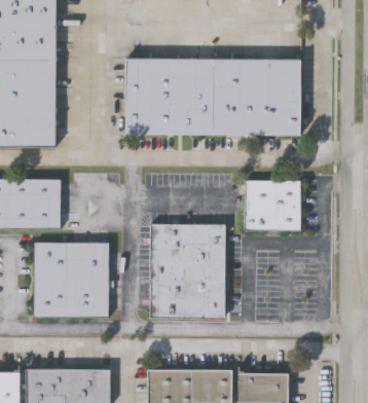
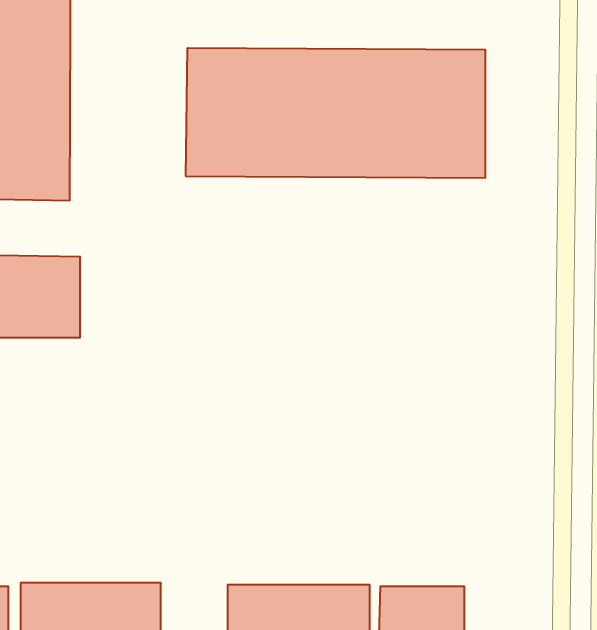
building: [247,179,301,228] -> none
building: [151,223,225,317] -> none
building: [35,243,110,316] -> none

